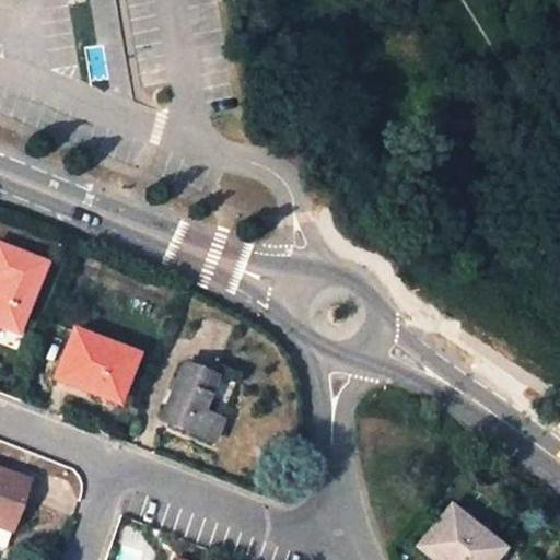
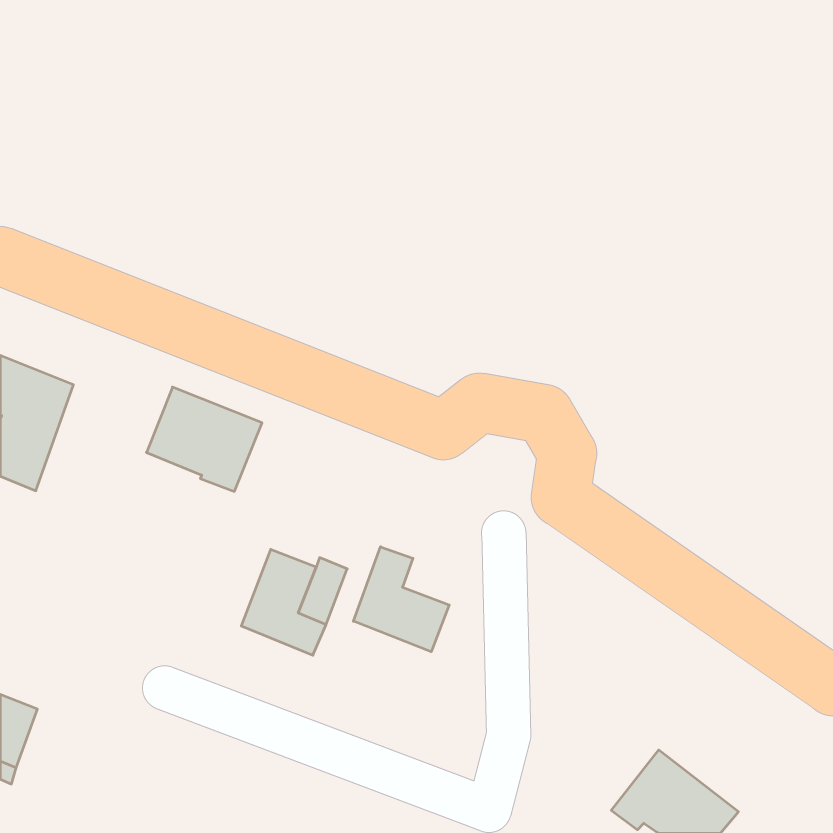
building: [60,331,138,401] -> [146,387,262,491]
building: none -> [353,547,449,652]

